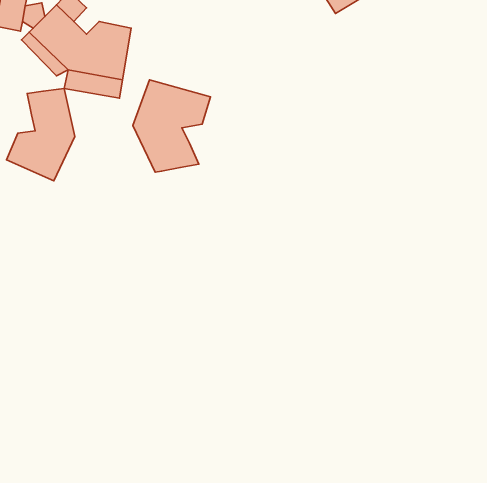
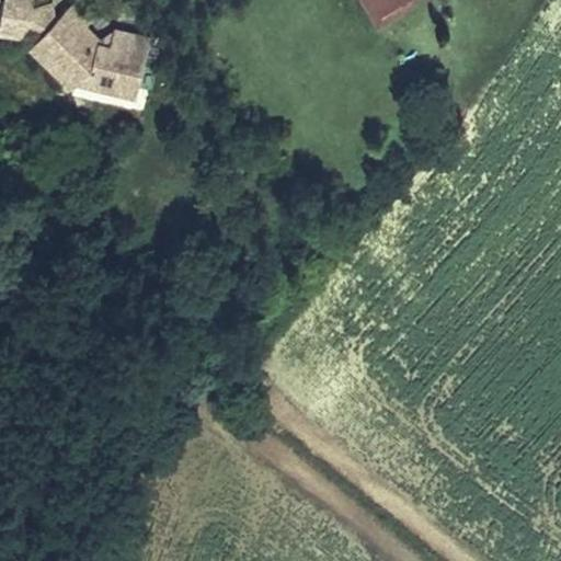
building: [133,80,211,172] -> none
building: [6,88,75,181] -> none

